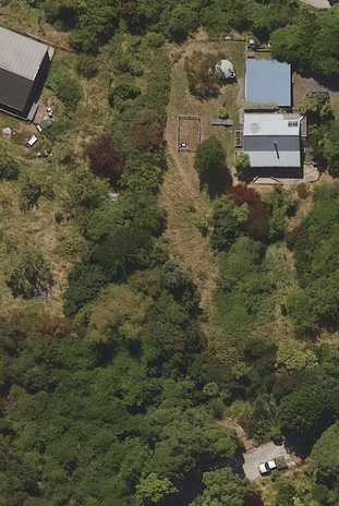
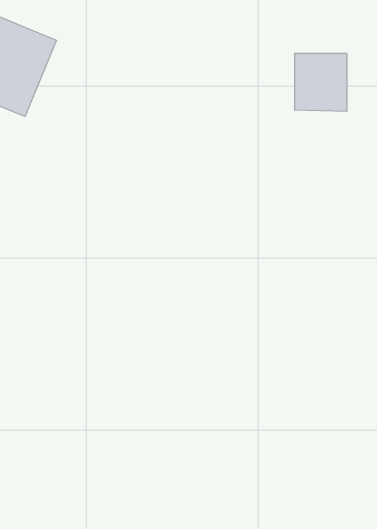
building: [243,115,299,166] -> none

